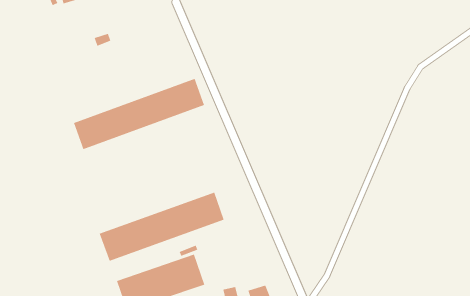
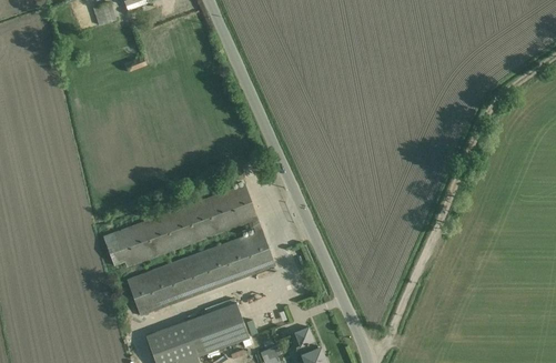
building: [73,78,205,150] -> [99,185,250,268]

